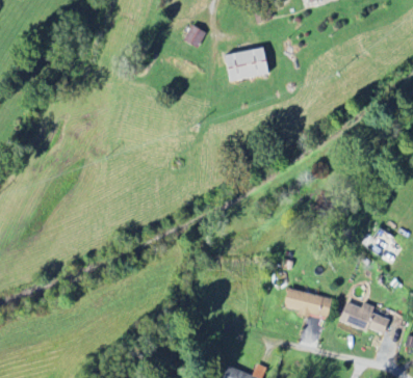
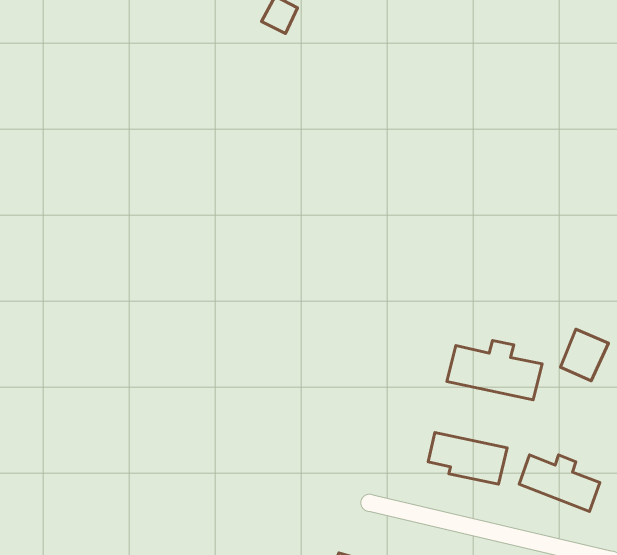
building: [223,48,269,82] -> none
building: none -> [447,340,542,400]

